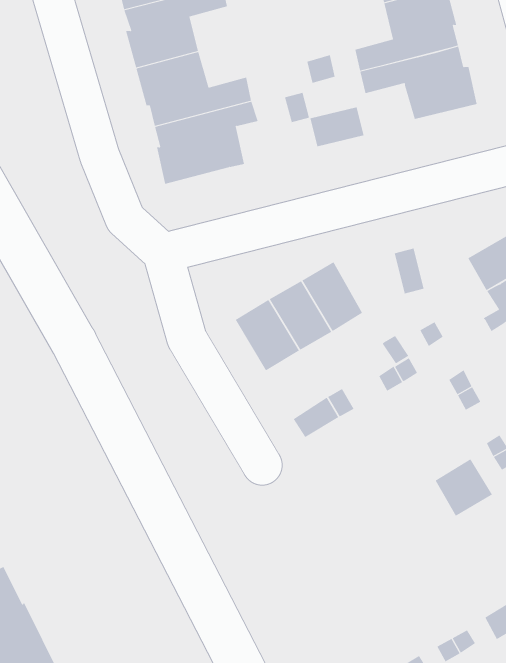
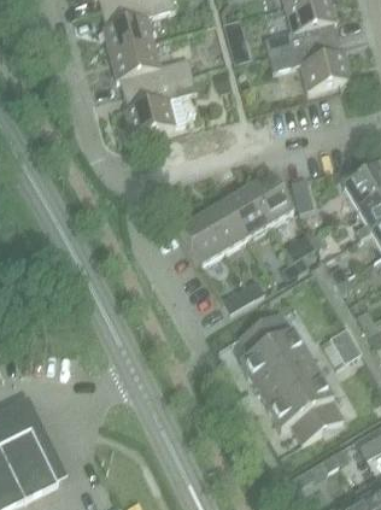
building: [310,106,364,147] -> none
building: none -> [250,175,293,224]
building: none -> [240,311,344,442]

